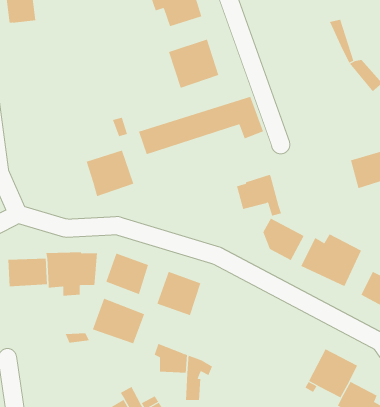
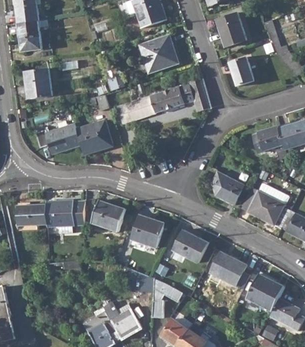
building: none -> [216,13,246,48]
building: none -> [20,21,42,51]
building: none -> [230,57,253,86]
building: none -> [24,69,52,97]
building: none -> [36,124,81,154]
building: [236,174,282,216] -> [251,126,286,158]
building: none -> [173,229,208,262]
building: [92,298,145,344] -> none
building: none -> [209,250,246,285]

